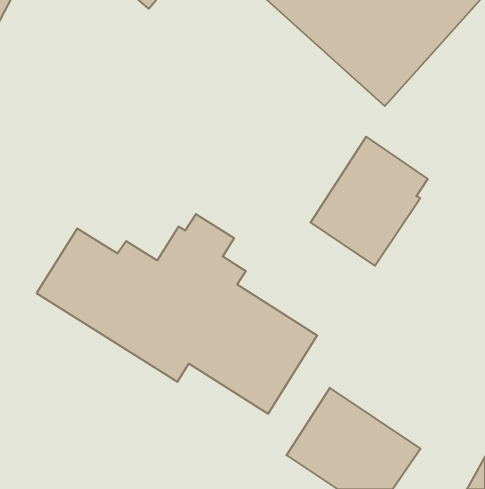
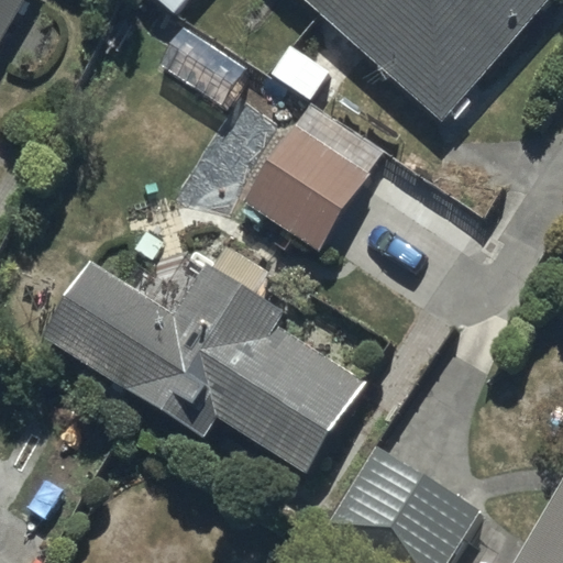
building: [310,137,428,266] -> [242,102,376,250]

